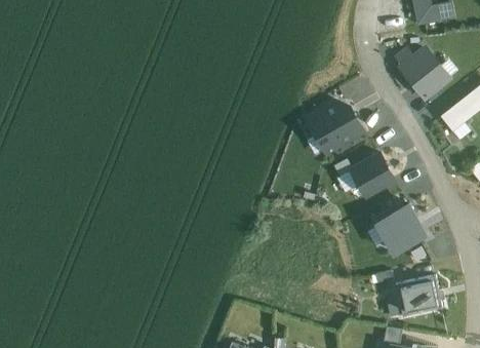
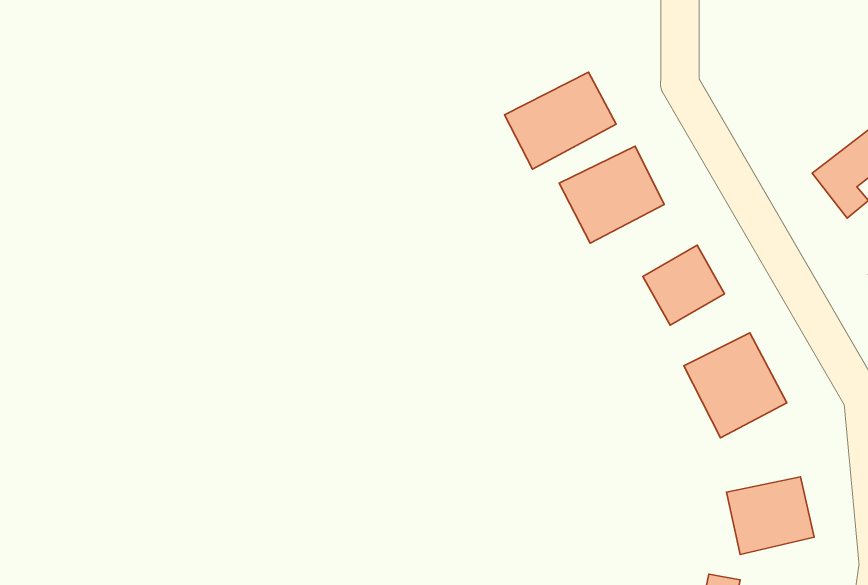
building: [394,45,453,102] -> none
building: none -> [504,72,616,169]

